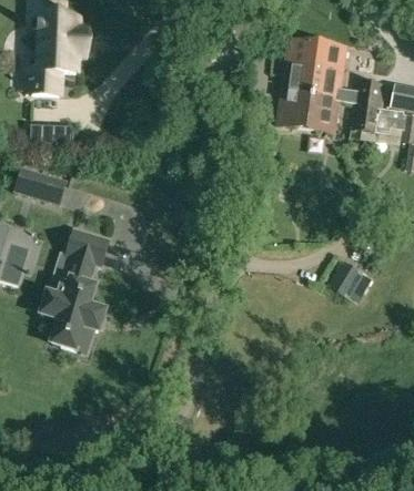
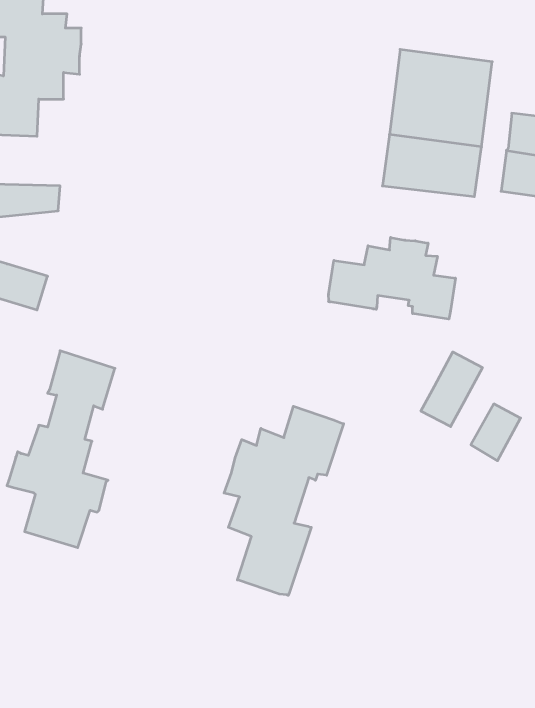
building: none -> [329,237,455,319]
building: none -> [421,352,482,427]
building: none -> [224,406,344,595]

